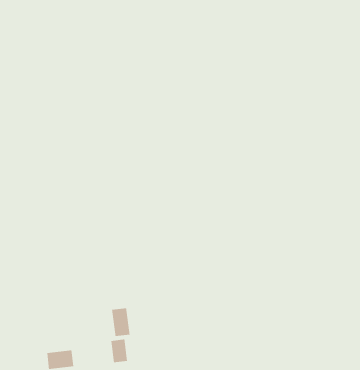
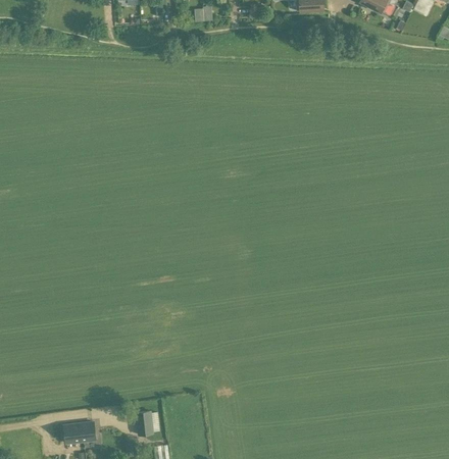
building: [112,307,130,337] -> none

